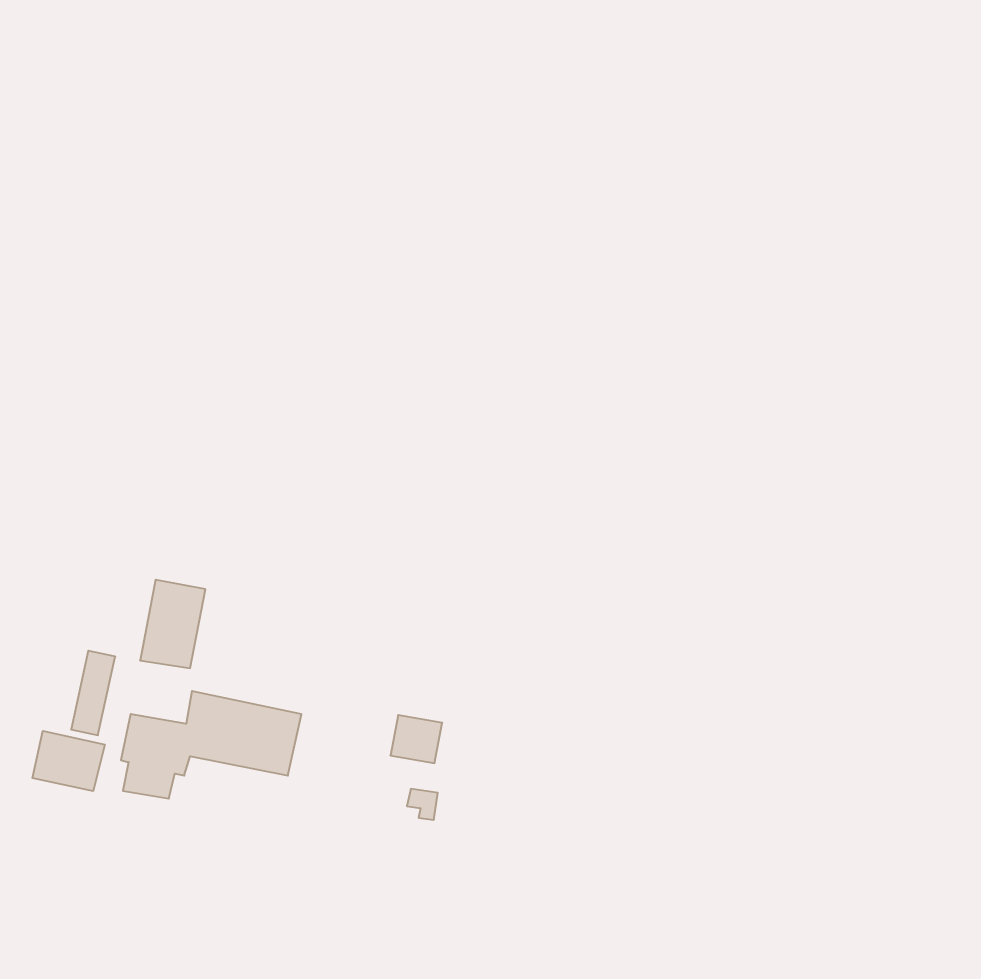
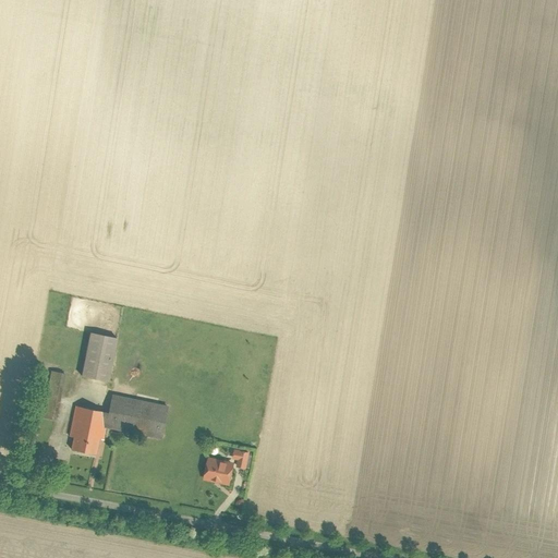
building: [390,715,442,763] -> [204,457,233,484]
building: [32,731,105,791] -> none

